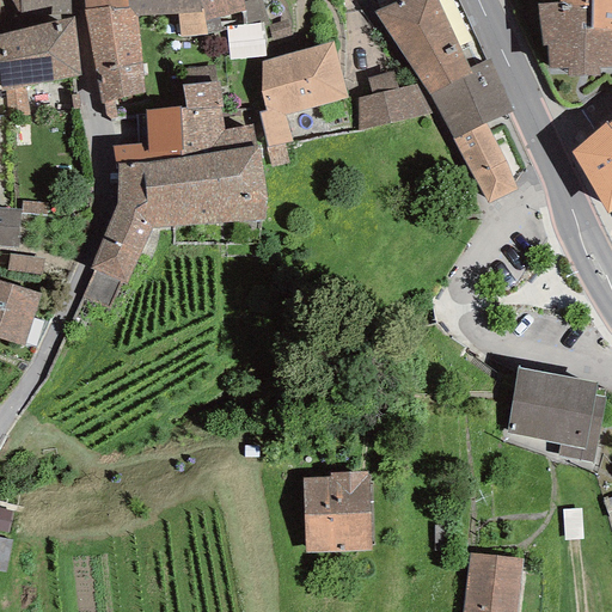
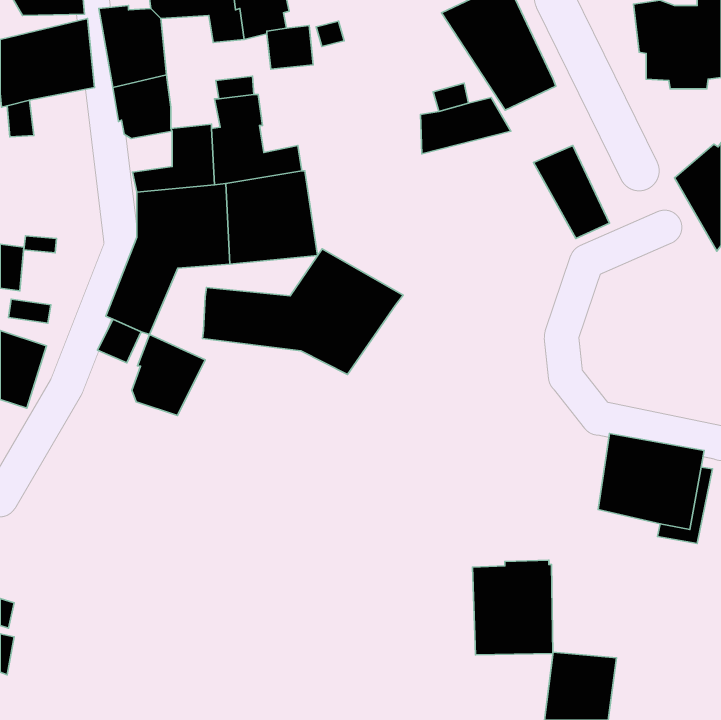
building: [258,41,348,146] -> none
building: [428,57,513,137] -> none
building: none -> [203,249,403,375]
building: none -> [132,335,205,415]
building: [302,471,371,551] -> [473,560,553,655]

